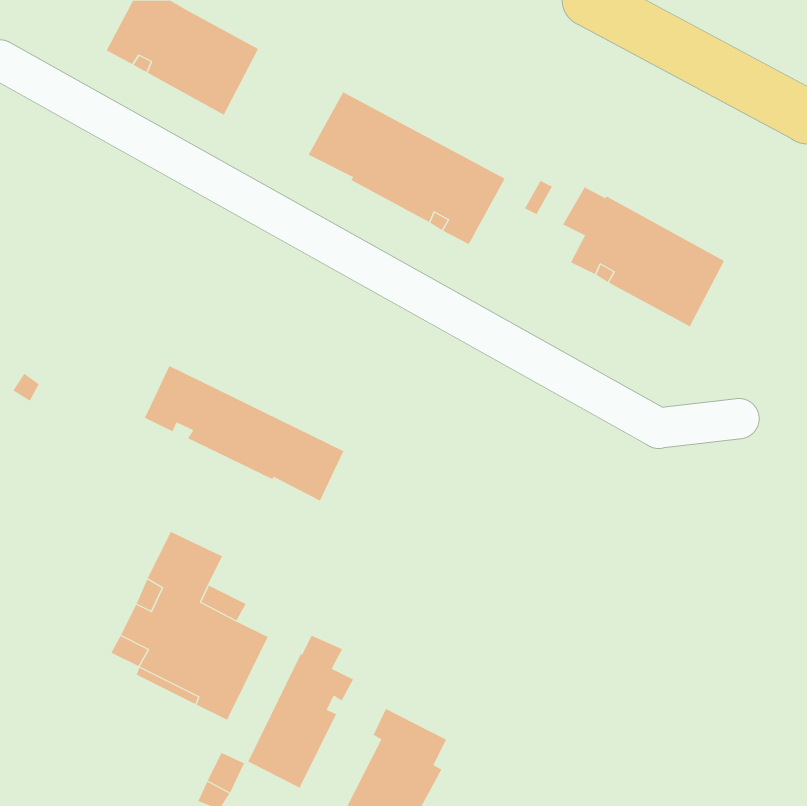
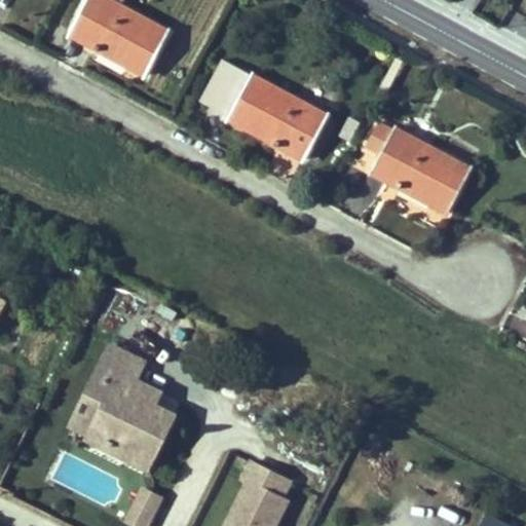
building: [144,365,344,501] -> none
building: [248,635,354,789] -> none

